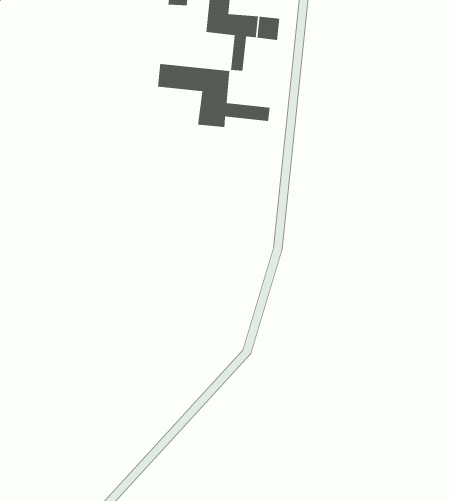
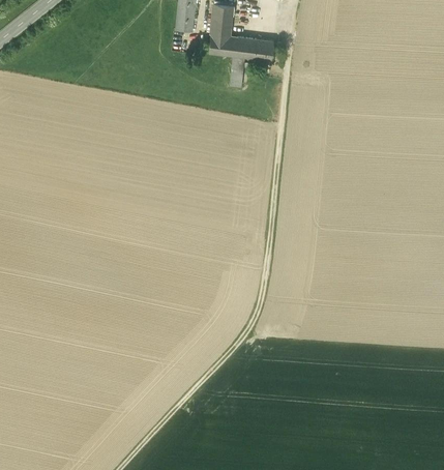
building: [157,63,270,128] -> none

